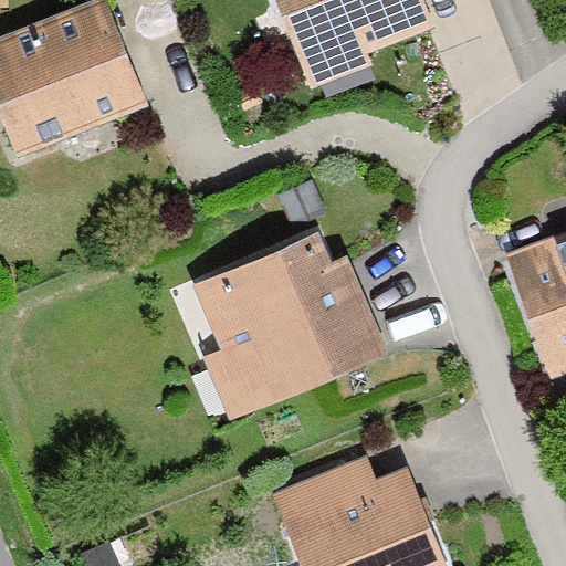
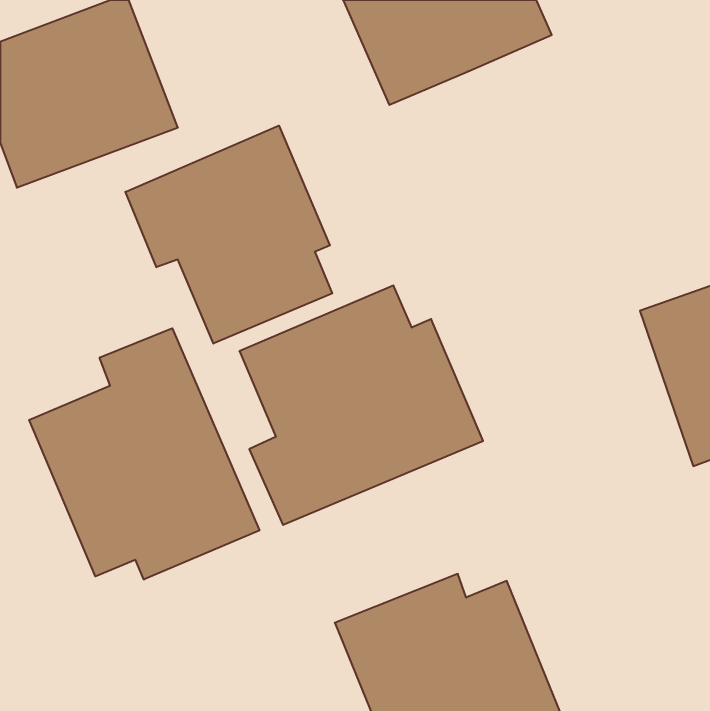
building: none -> [125,126,332,344]
building: none -> [29,328,259,580]

